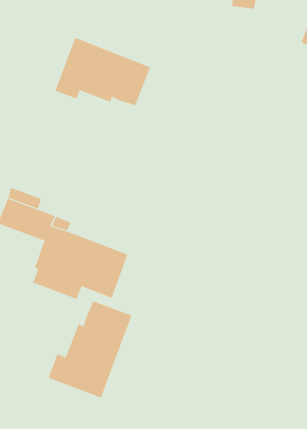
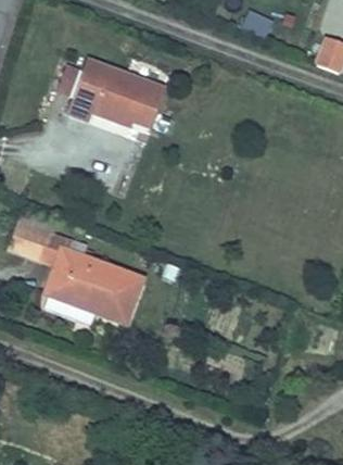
building: [48,301,132,398] -> none

